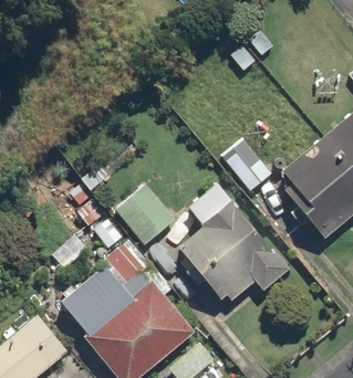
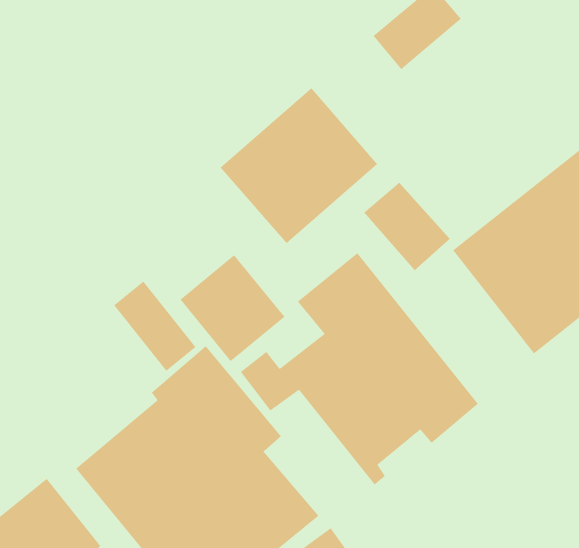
building: none -> [219,87,378,244]

